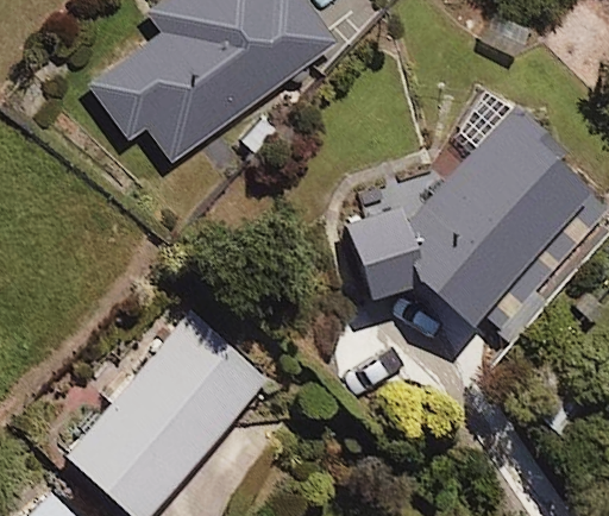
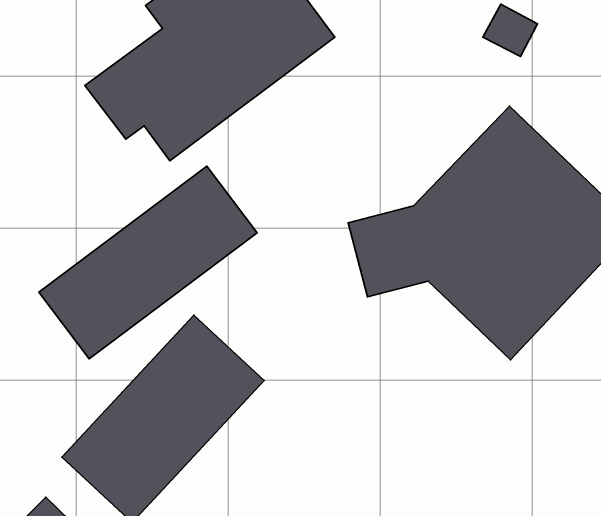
building: none -> [39,166,257,359]

